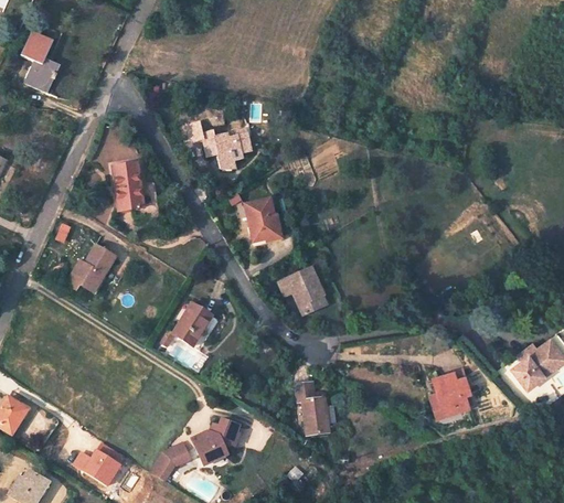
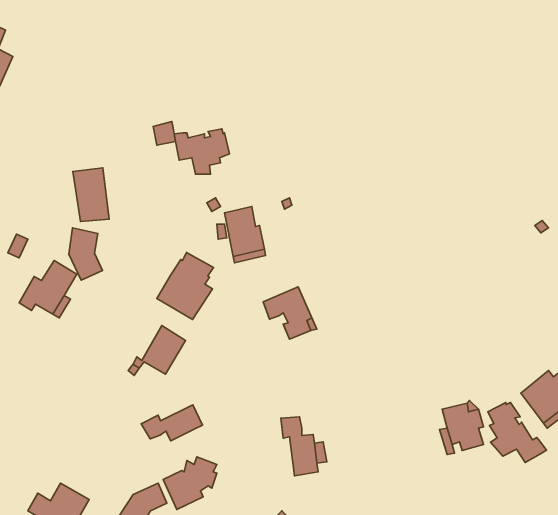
building: none -> [69,228,102,280]
building: none -> [157,252,213,319]
building: none -> [488,402,546,462]
building: none -> [141,405,202,441]

